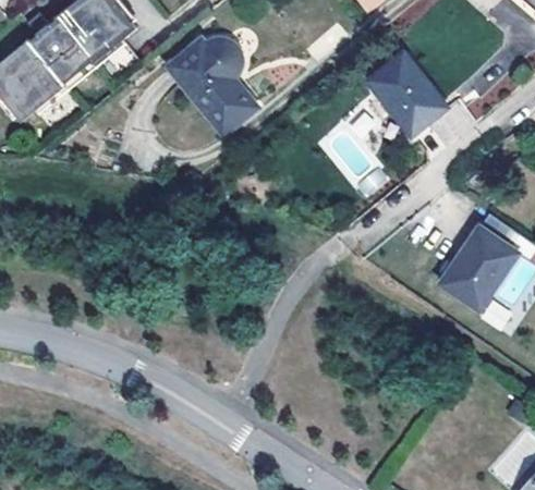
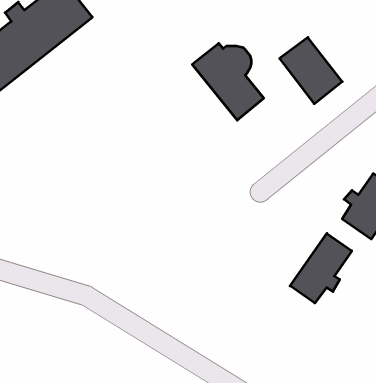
building: [170,40,258,135] -> [192,43,264,120]
building: none -> [290,233,352,303]

